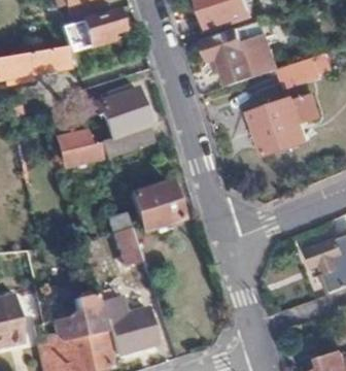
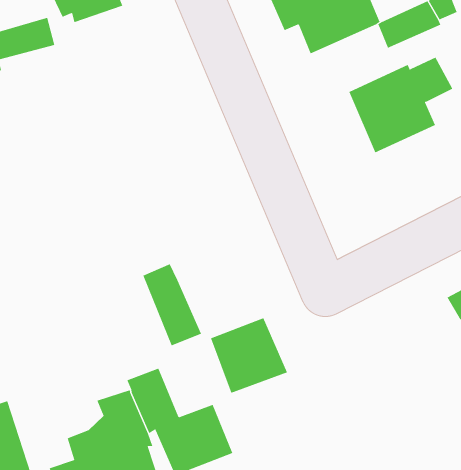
building: [90,87,148,155] -> none
building: [58,133,95,170] -> none
building: [131,183,179,231] -> [210,318,288,394]

